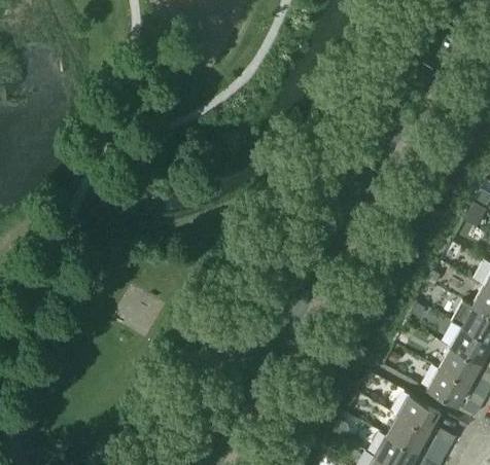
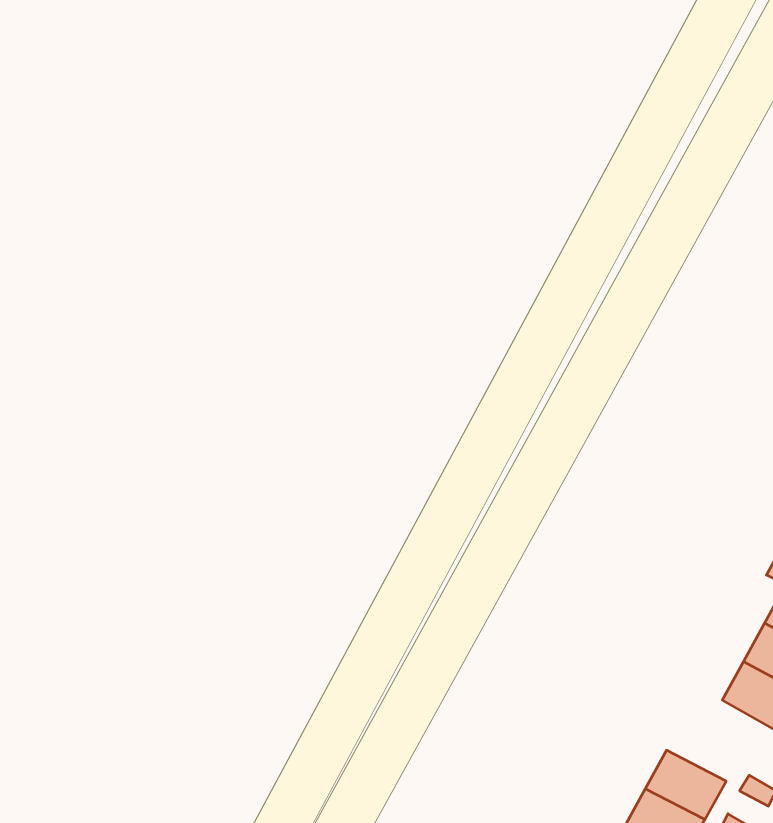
building: [396,396,440,434] -> none

